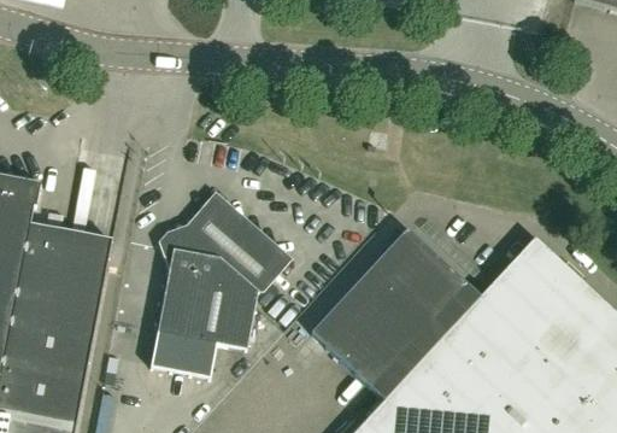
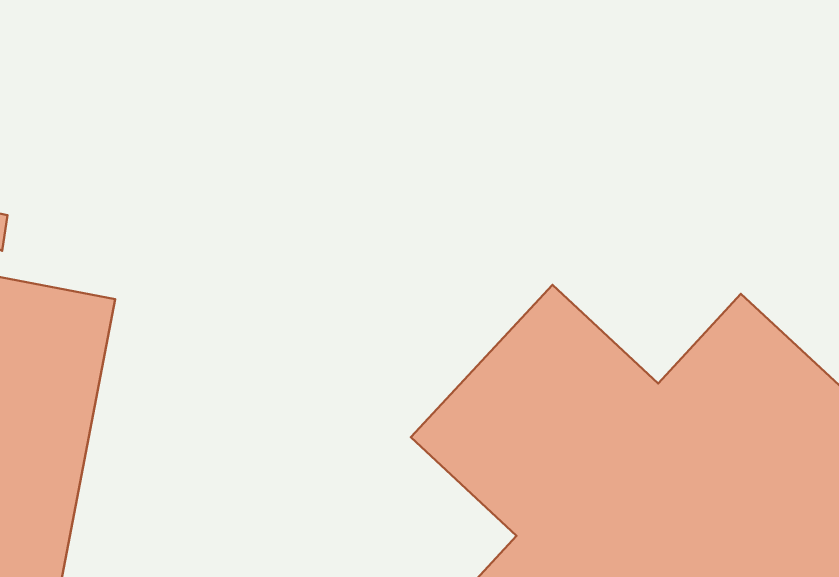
building: [151,197,286,376] -> none

